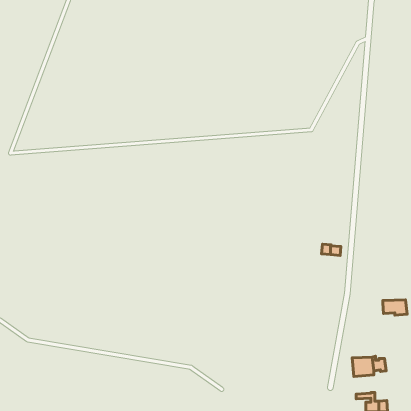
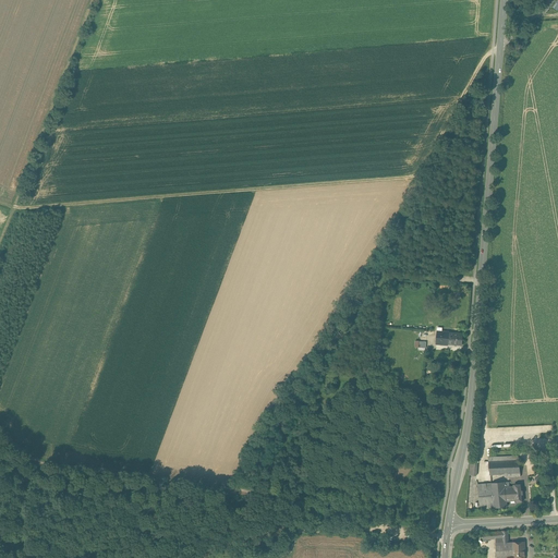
building: [383,300,407,315] -> [487,458,520,478]

